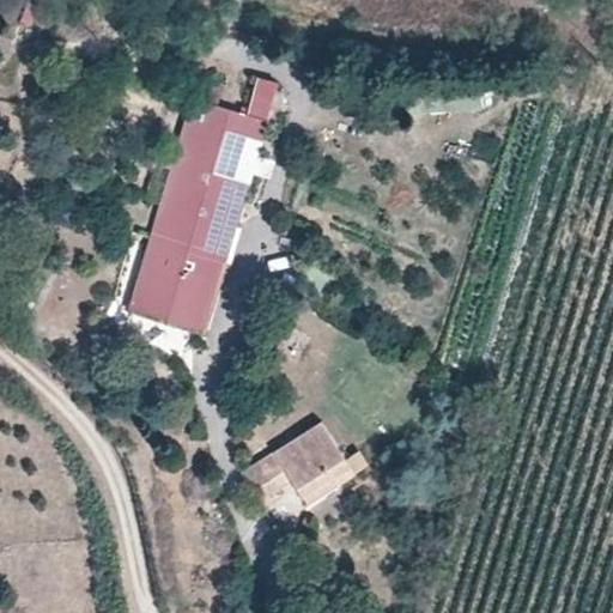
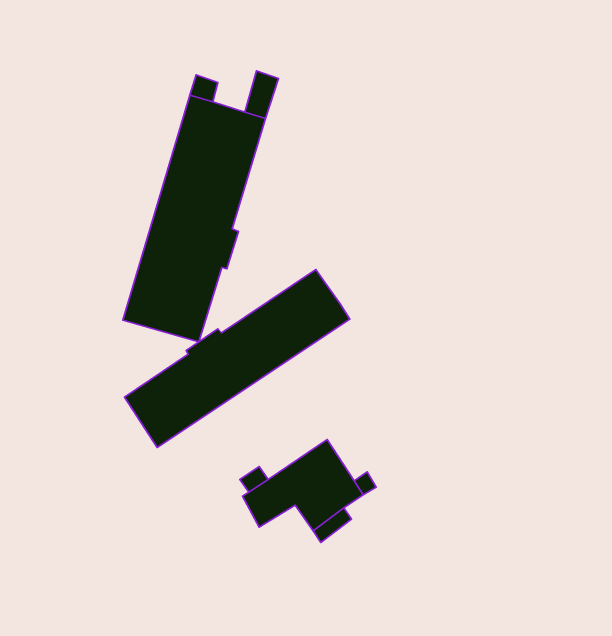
building: none -> [125,269,350,448]

